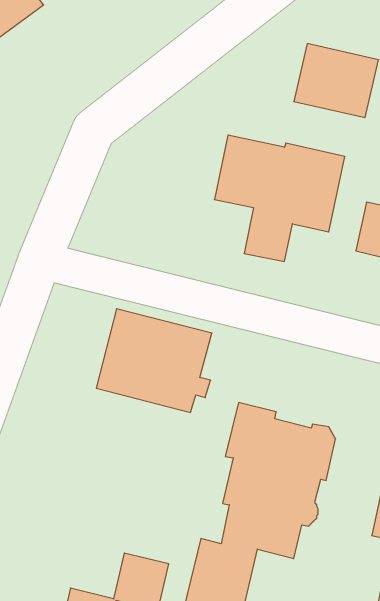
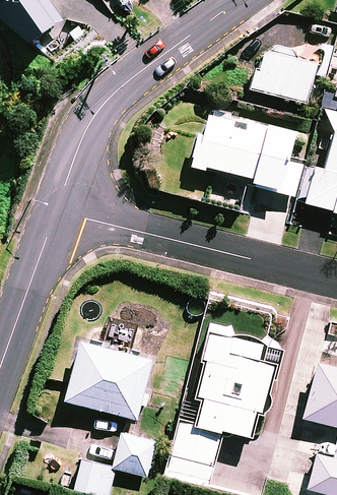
building: [96,309,212,412] -> [67,339,154,418]

